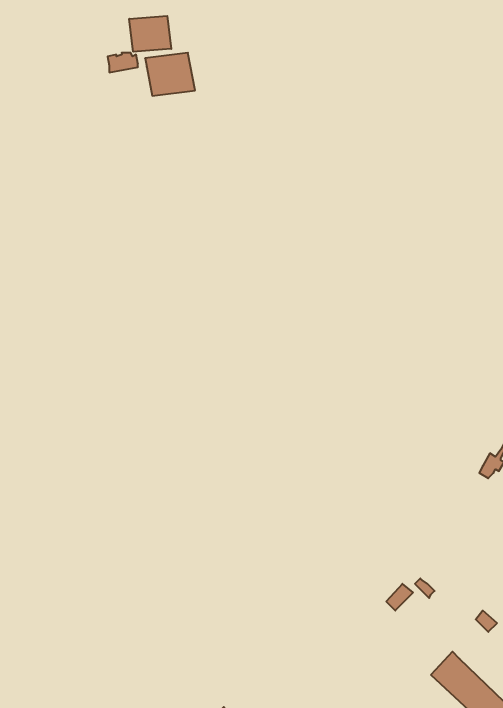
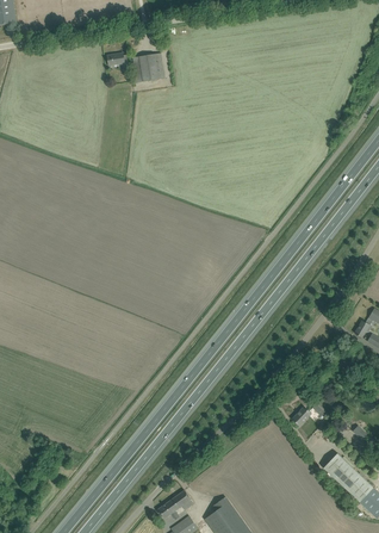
building: [129,16,171,52] -> none

